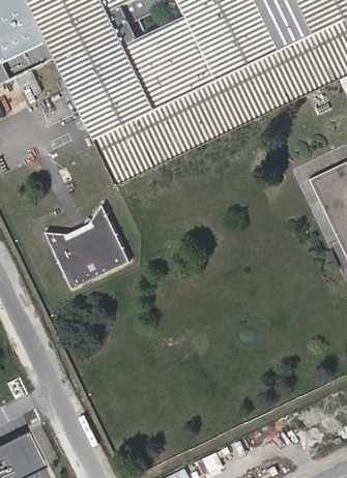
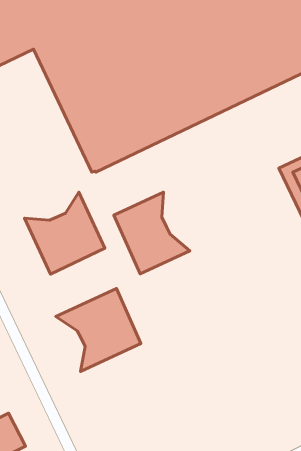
building: none -> [114,192,190,274]
building: none -> [56,289,141,371]

